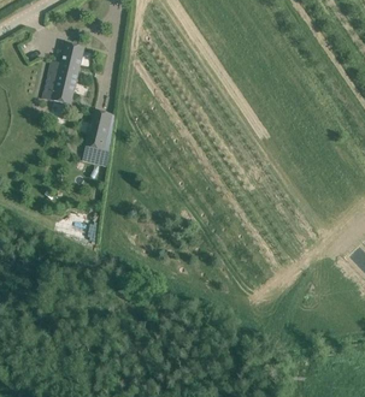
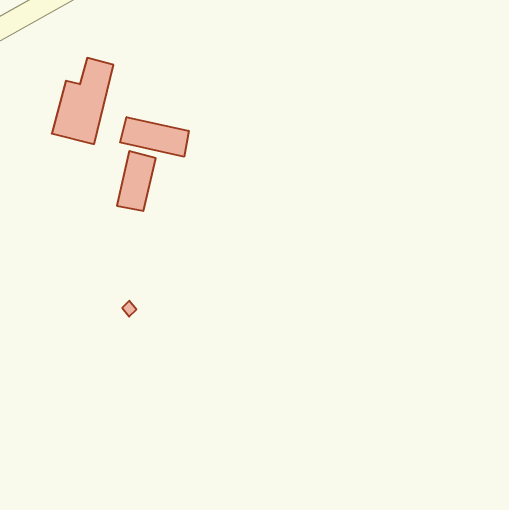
building: none -> [120,117,189,157]

